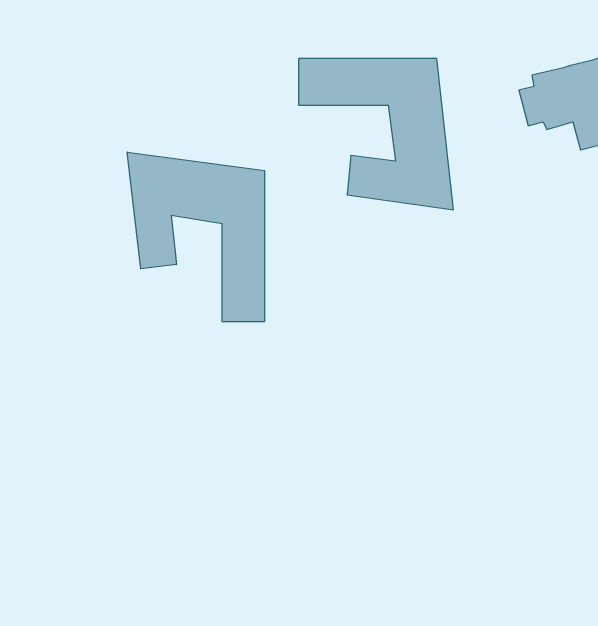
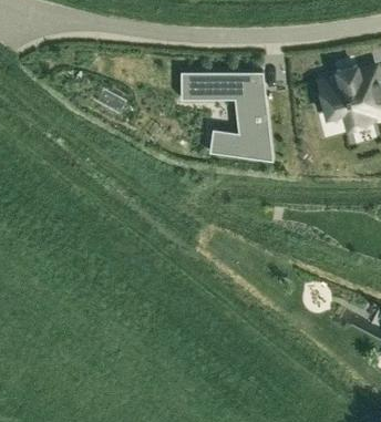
building: [127,152,265,322] -> none

